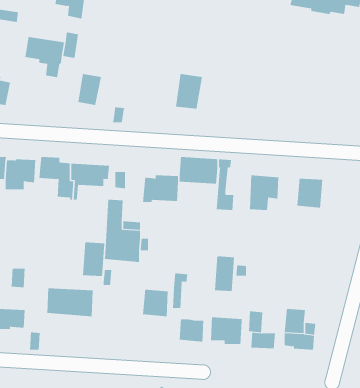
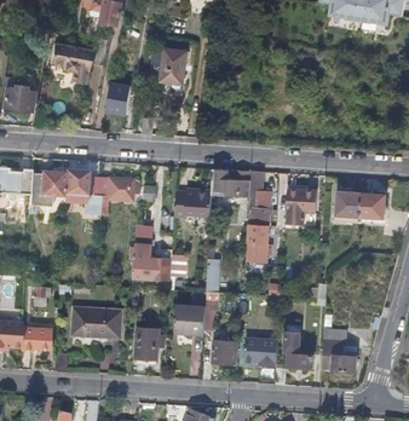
building: [175,73,203,109] -> [159,46,188,83]
building: none -> [361,194,385,225]
building: [82,242,105,276] -> [137,324,161,361]
building: [214,256,235,292] -> [247,225,269,263]

